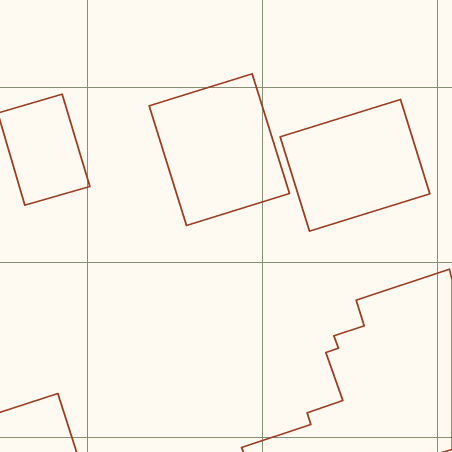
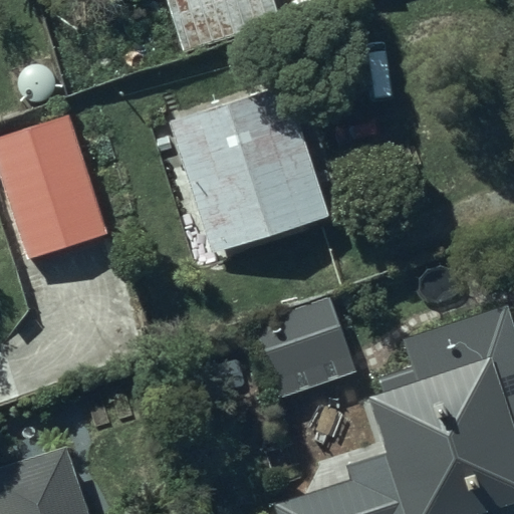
building: [280,100,430,231] -> none
building: none -> [250,298,358,403]

